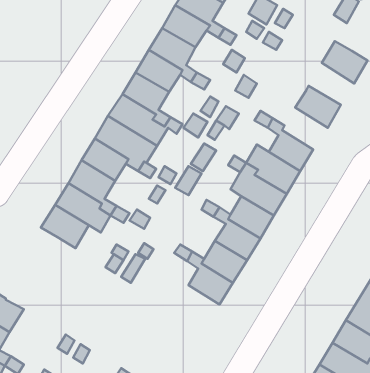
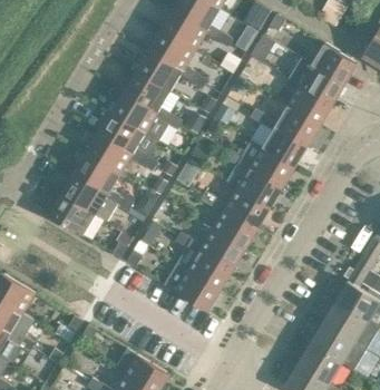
building: none -> [288,58,341,104]
building: none -> [274,106,316,145]
building: none -> [163,264,216,310]

